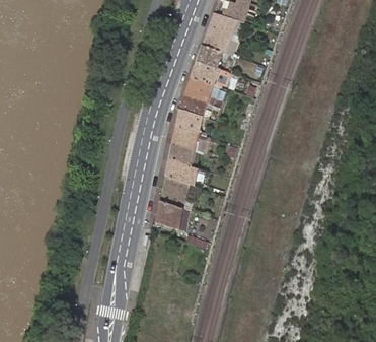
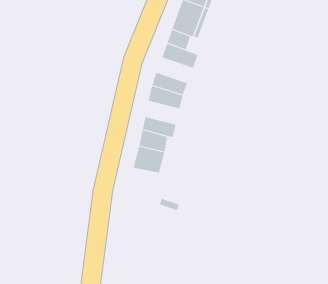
building: [183,78,225,107] -> none
building: [171,126,210,152] -> none
building: [154,200,187,228] -> none

